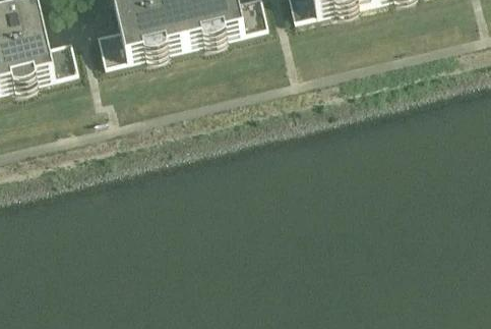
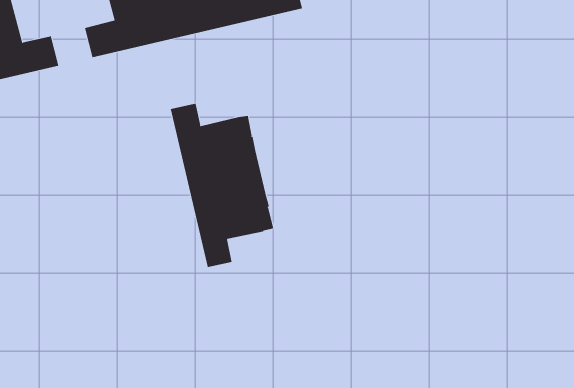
building: none -> [170,103,274,268]

